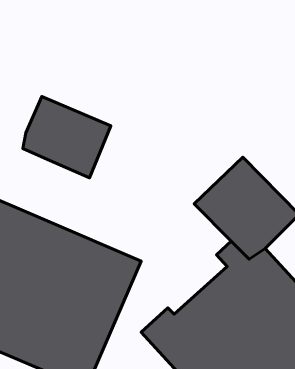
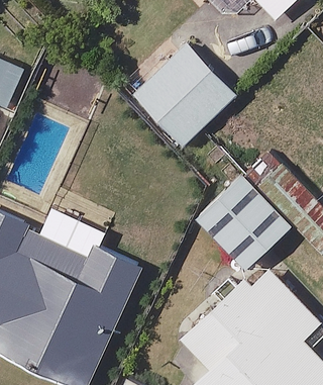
building: none -> [132,41,236,146]
building: [23,96,111,178] -> none

